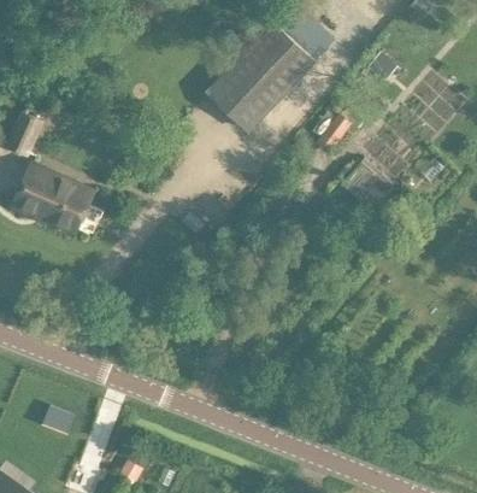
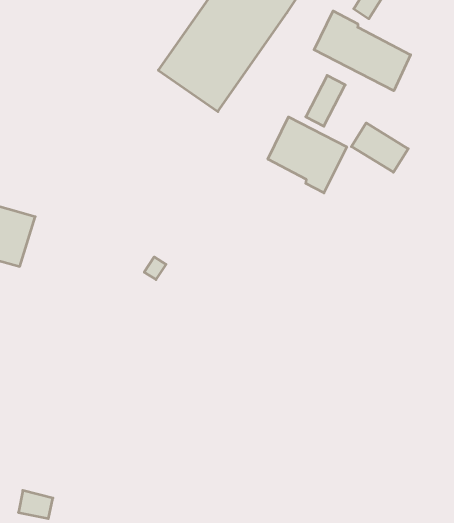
building: none -> [314,11,411,91]
building: none -> [268,117,347,193]

